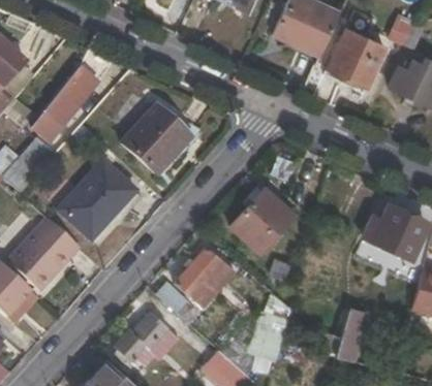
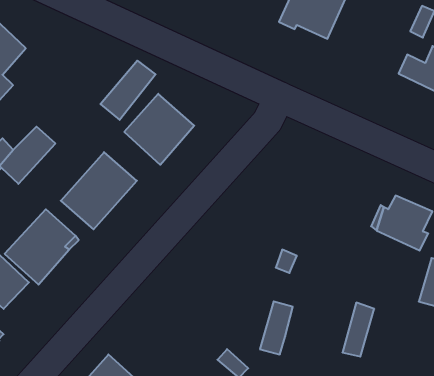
building: [329,32,383,86] -> none
building: [43,69,97,127] -> [100,61,156,120]
building: [230,188,294,252] -> none
building: [157,248,236,320] -> none
building: [115,313,166,360] -> none

